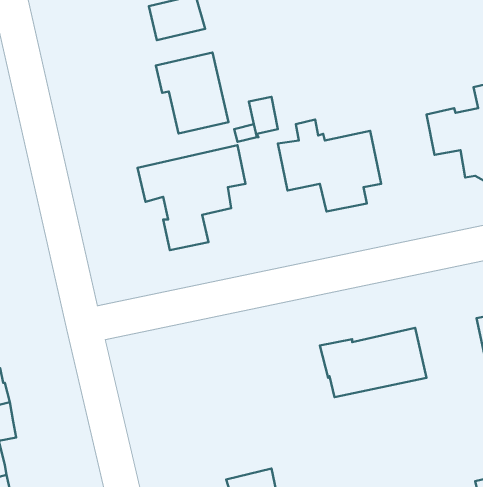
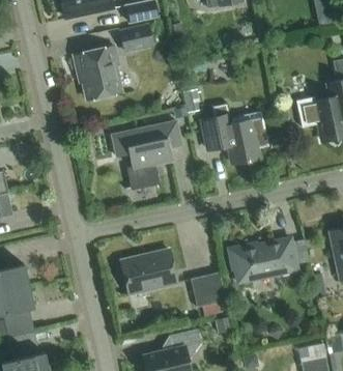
building: [156,53,229,133] -> [74,48,120,99]
building: none -> [121,250,176,294]
building: none -> [191,273,226,308]

